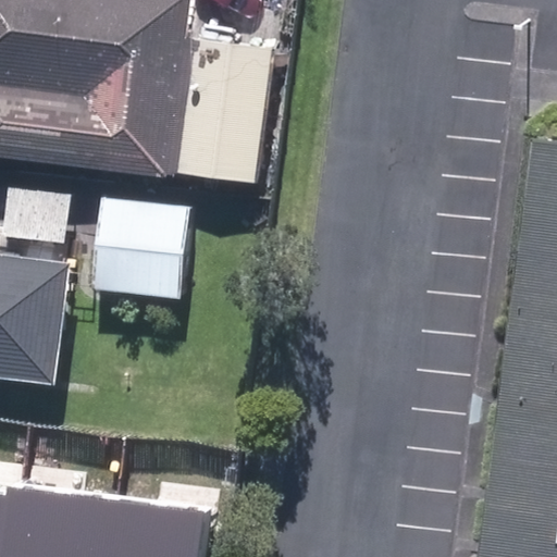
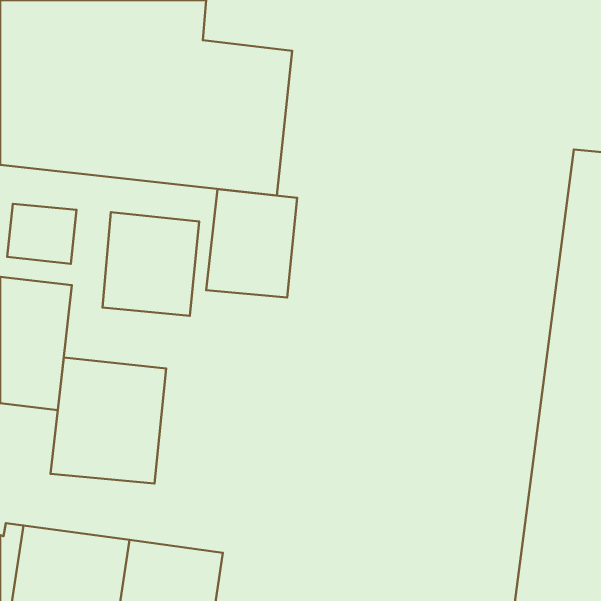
building: none -> [206,189,297,298]
building: none -> [51,358,166,484]

